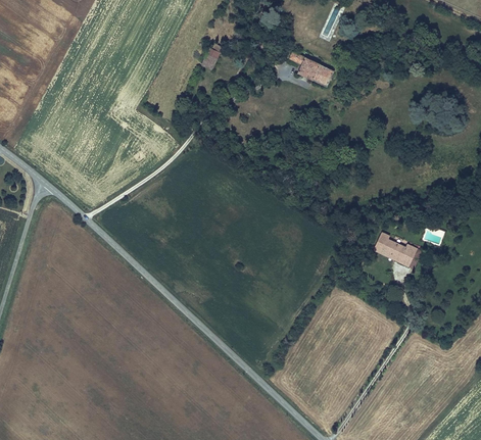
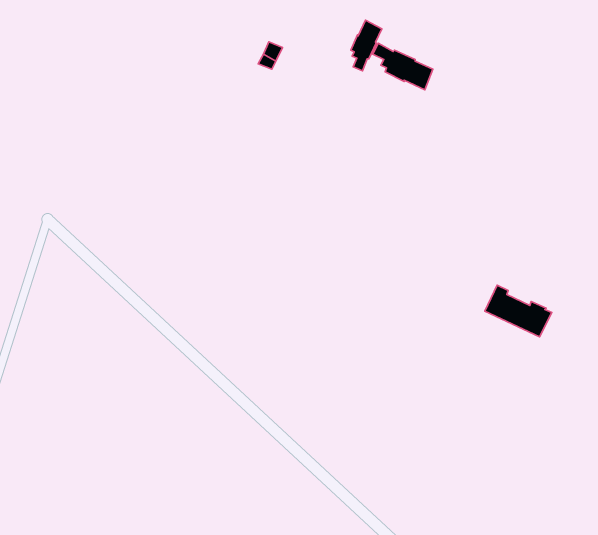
building: none -> [351,20,382,71]

